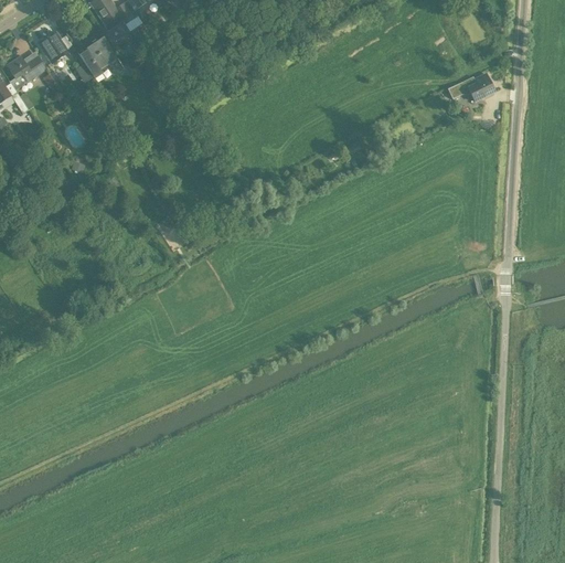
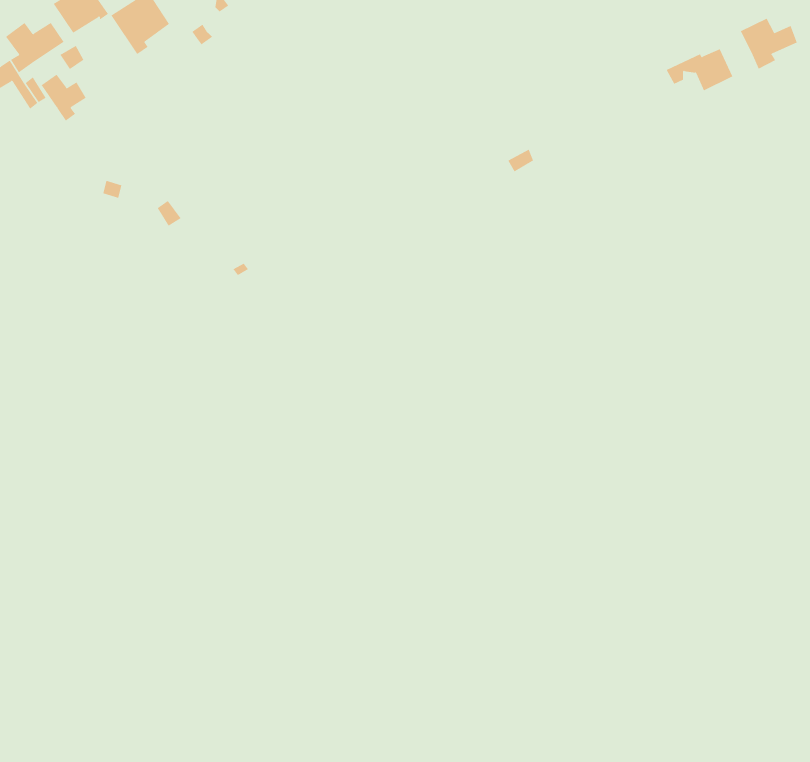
building: none -> [740,18,798,69]
building: none -> [41,74,87,122]

